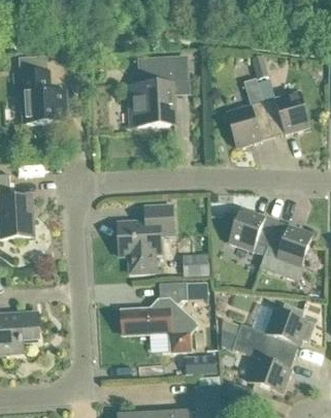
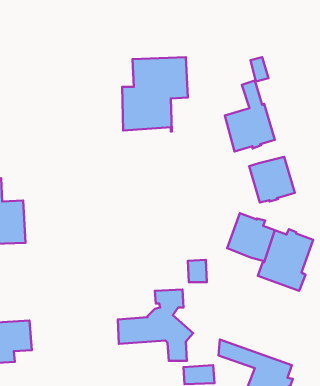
building: [14,57,66,124] -> none
building: [265,92,309,136] -> [249,157,295,202]
building: [118,204,174,272] -> none
building: [222,304,315,355] -> none

